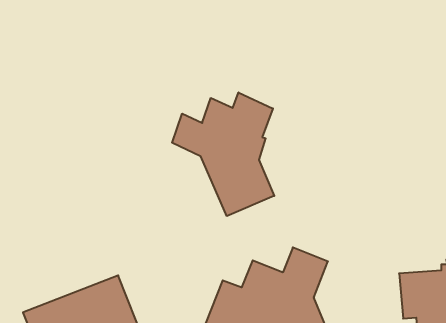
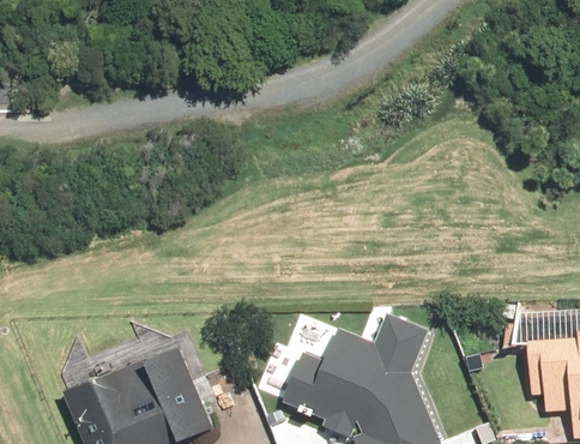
building: [172,92,274,216] -> none

